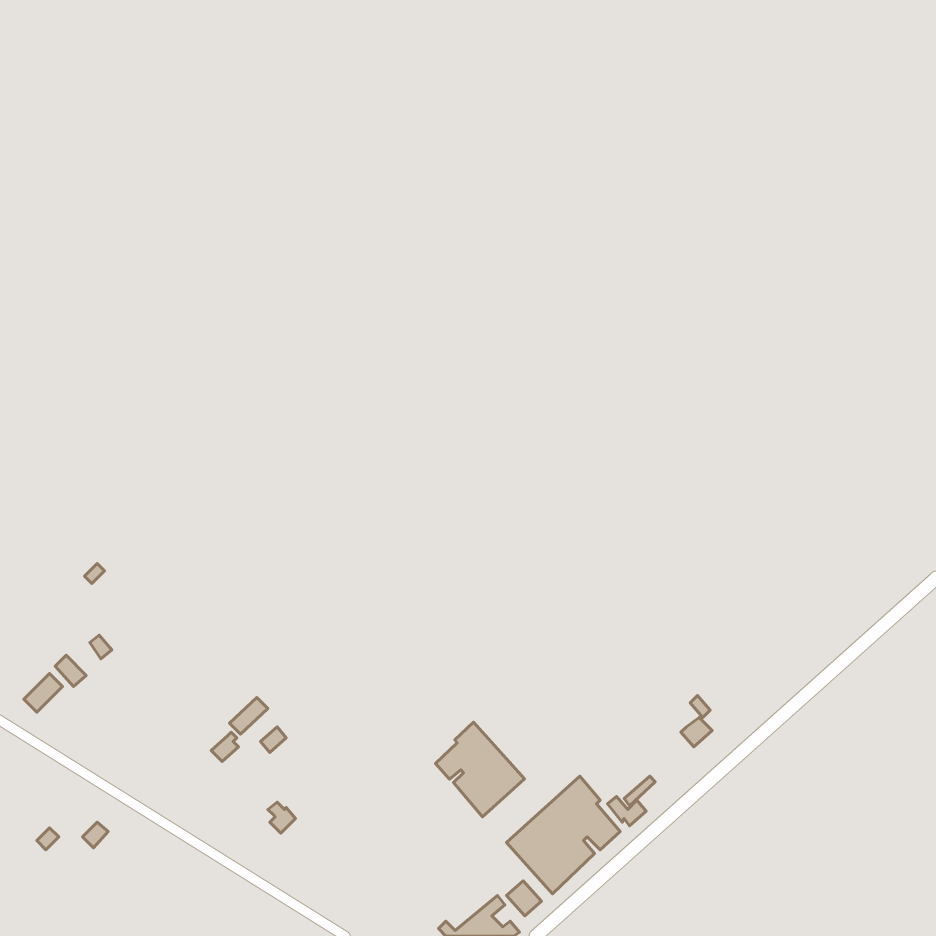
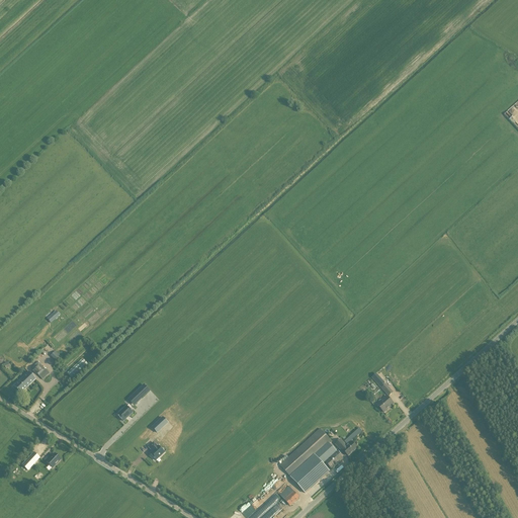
building: [435,722,525,817] -> none

